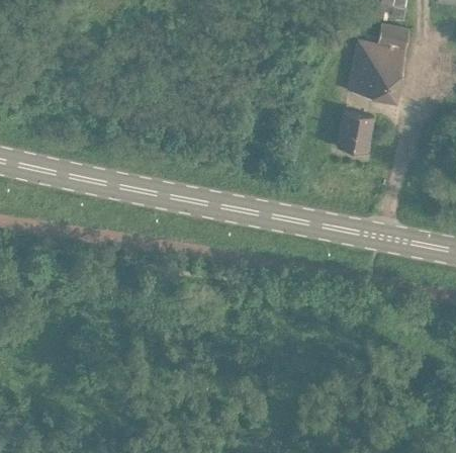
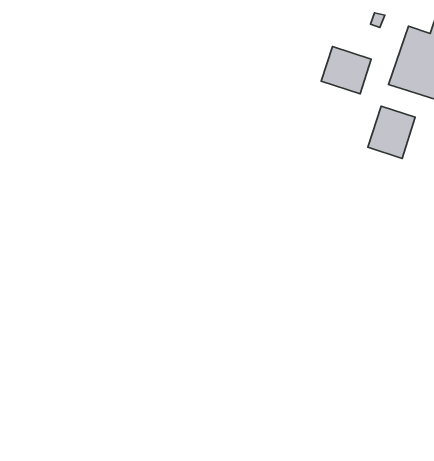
building: none -> [321,47,371,94]

